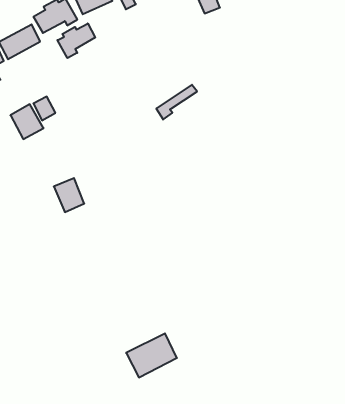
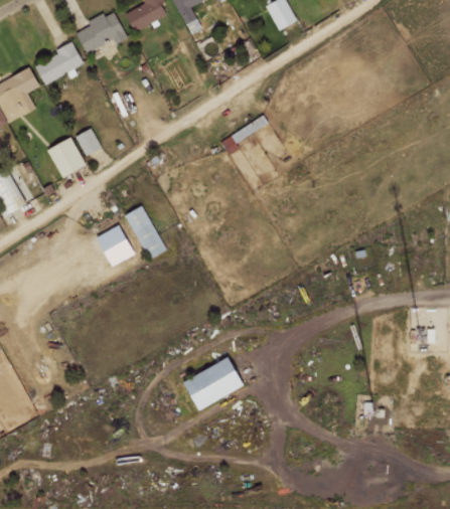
building: [57,23,95,58] -> none
building: none -> [127,205,165,260]
building: [126,333,177,377] -> [187,356,248,408]

